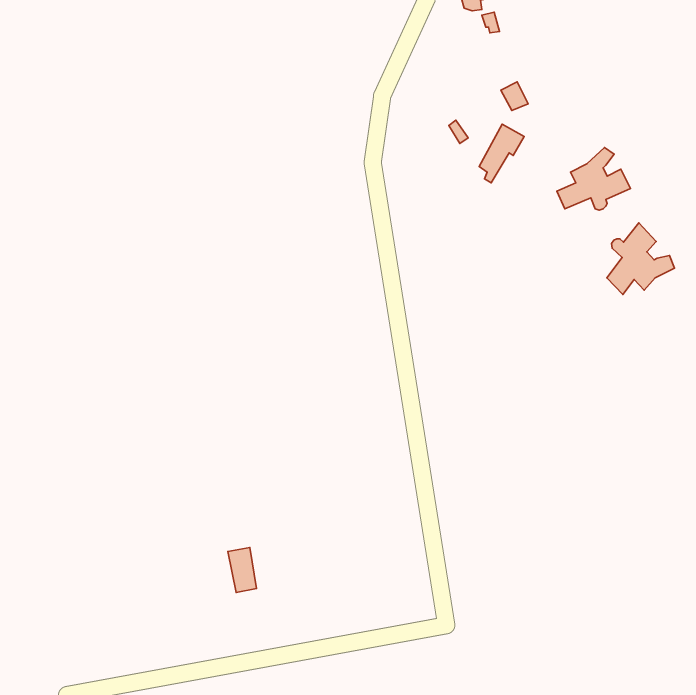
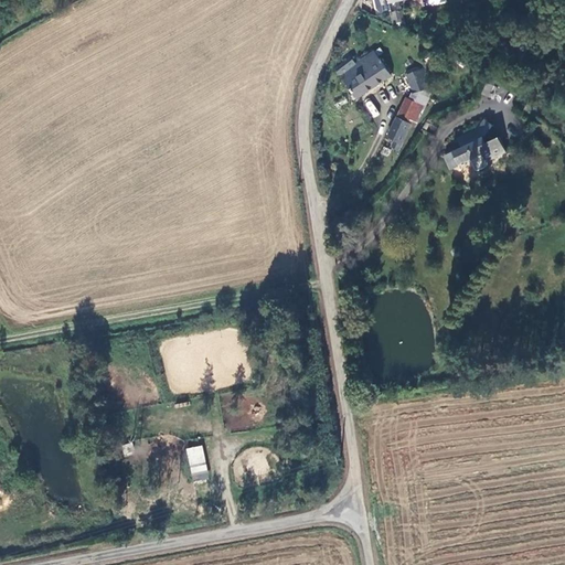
building: none -> [334,51,388,97]
building: [607,223,675,294] -> none

